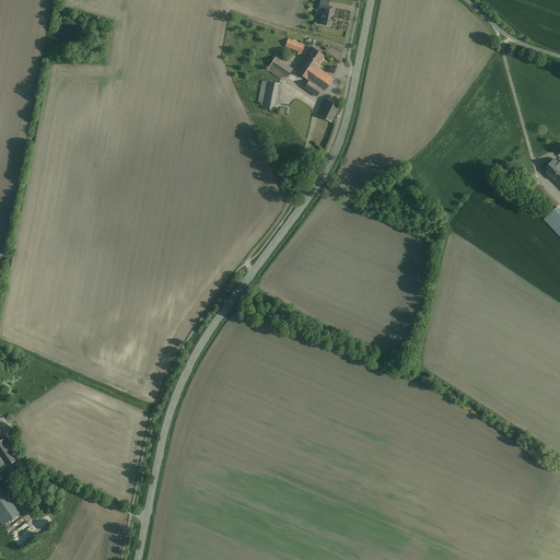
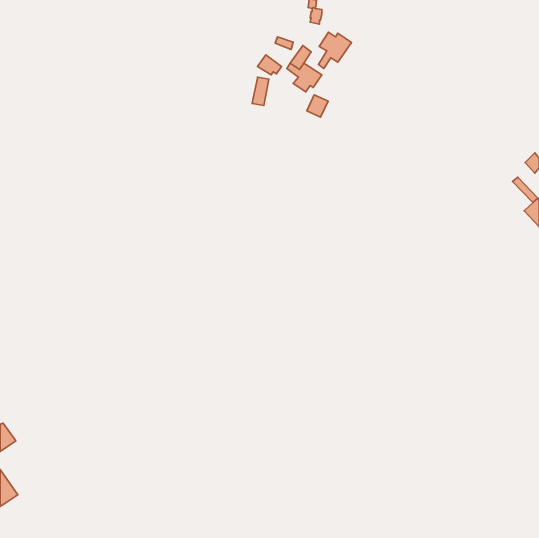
building: none -> [319,32,351,68]

